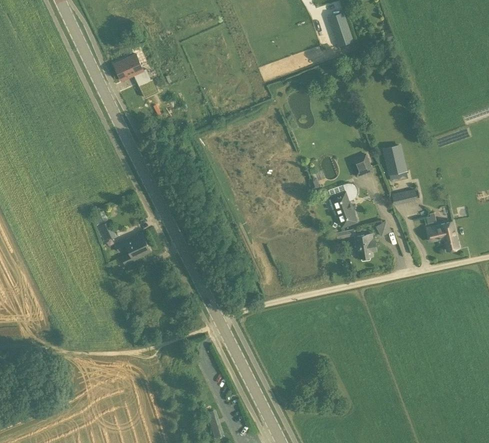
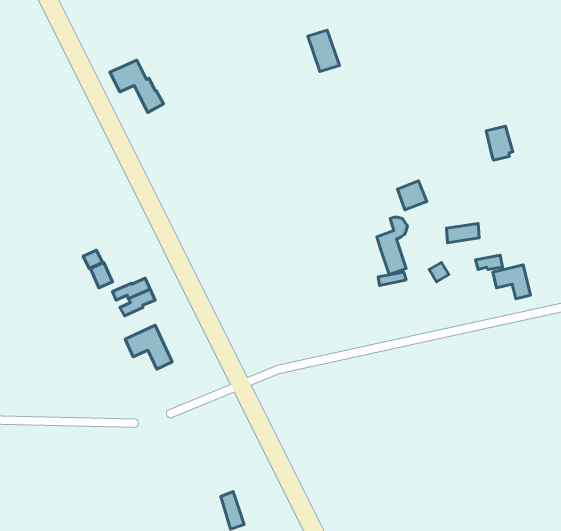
building: [327,11,353,45] -> [308,30,339,72]
building: [383,145,405,173] -> [486,126,513,160]
building: [354,234,376,260] -> none
building: none -> [125,325,172,369]

